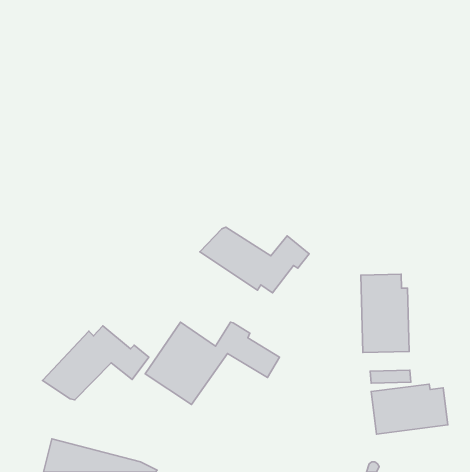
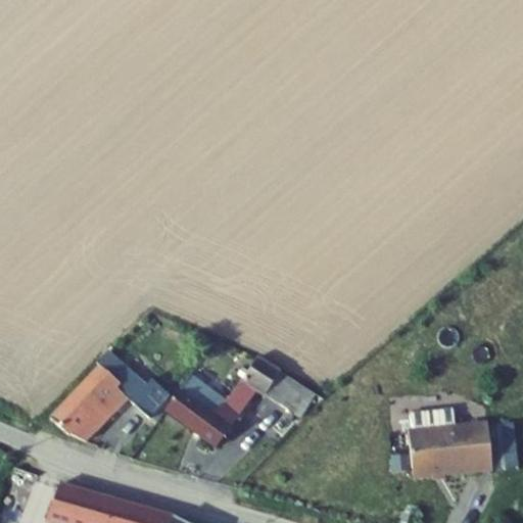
building: [200,227,309,293] -> none
building: [361,274,409,352] -> none

